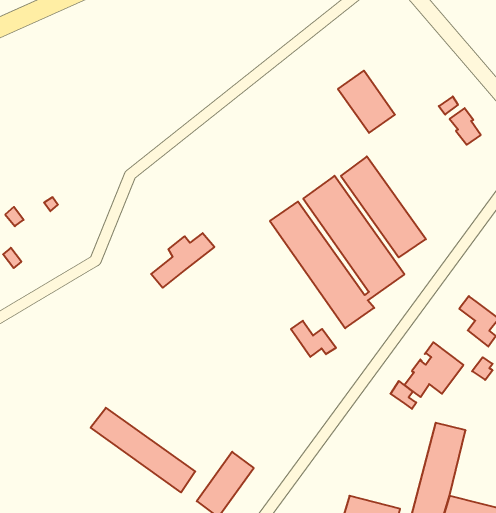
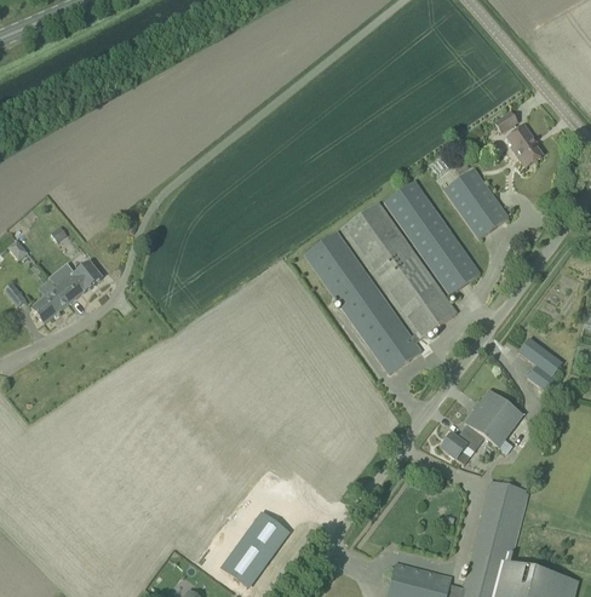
building: [338,71,395,133] -> [444,168,509,239]
building: [151,233,214,288] -> [31,262,103,323]
building: [291,321,336,357] -> none
building: [91,408,195,492] -> none

